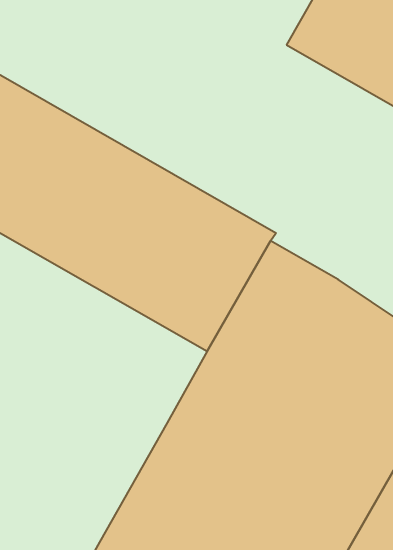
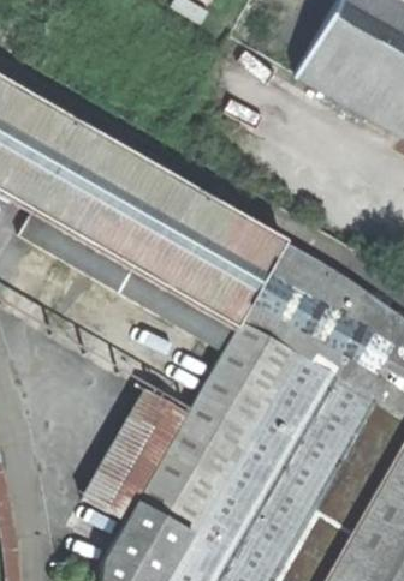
building: none -> [84,387,189,520]

